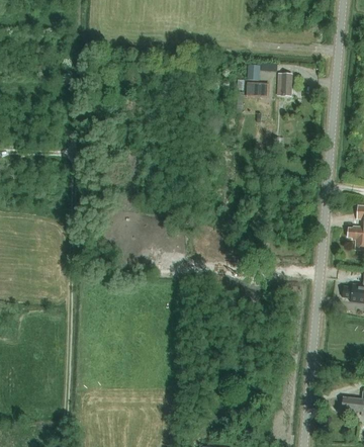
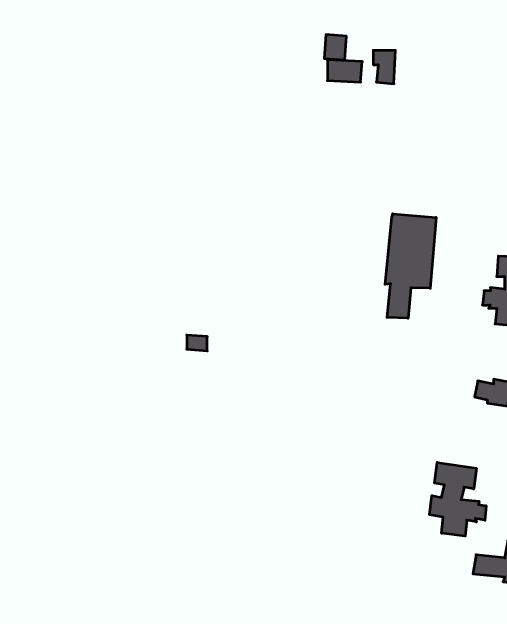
building: none -> [385,214,436,318]
building: none -> [430,462,486,536]

